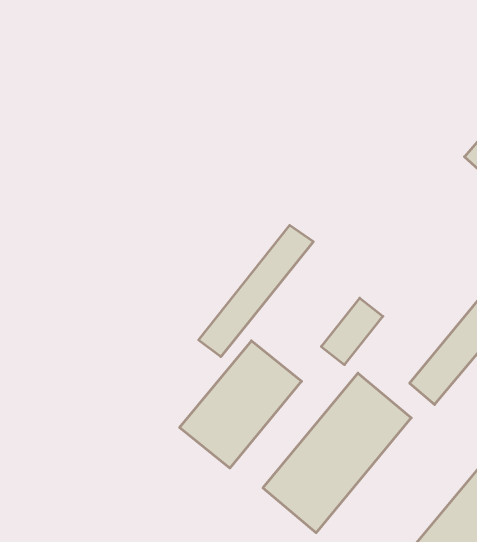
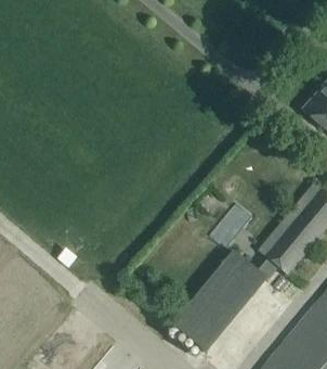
building: [199,225,313,357] -> none
building: [180,341,302,468] -> none

